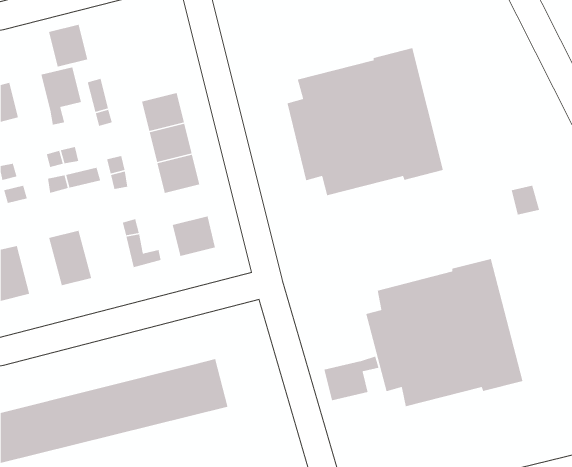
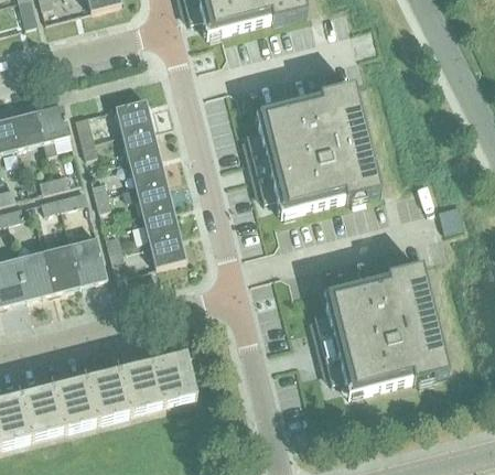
building: [48,24,88,68] -> [9,109,43,147]
building: none -> [115,97,152,132]
building: none -> [141,204,179,238]
building: none -> [68,236,107,284]
building: none -> [15,249,53,298]
building: [324,355,380,401] -> none

